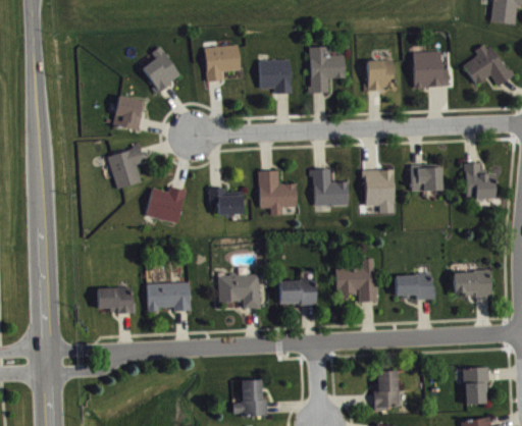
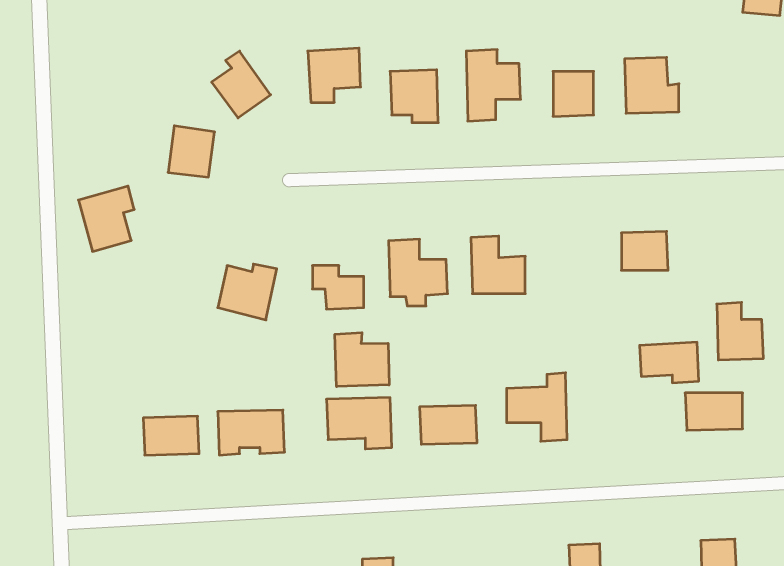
building: [463,41,511,86] -> none
building: [107,146,144,189] -> [78,186,134,251]
building: [464,162,494,200] -> [717,302,763,360]
building: [364,169,394,213] -> none
building: none -> [335,333,389,387]
building: [395,273,433,300] -> [640,342,699,383]

